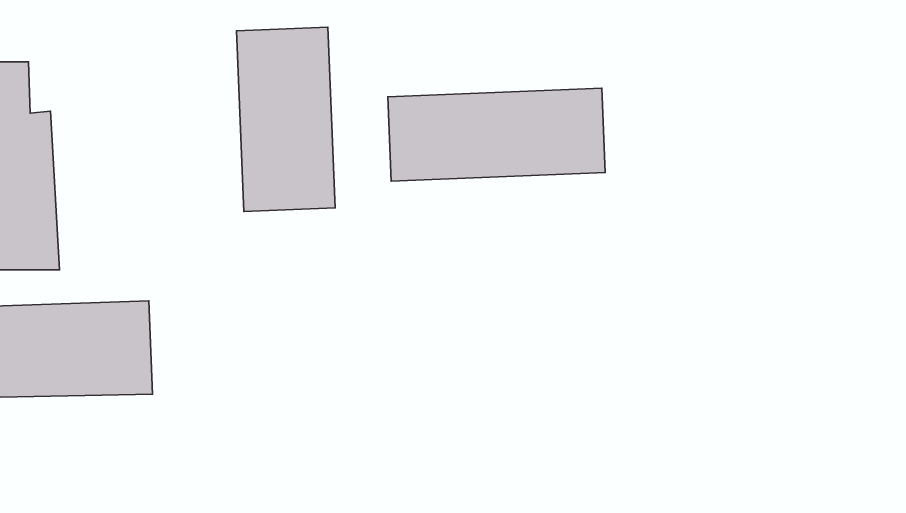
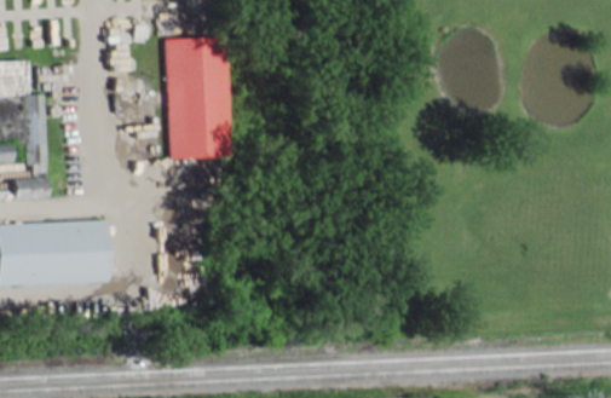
building: [388,88,605,181] -> none

